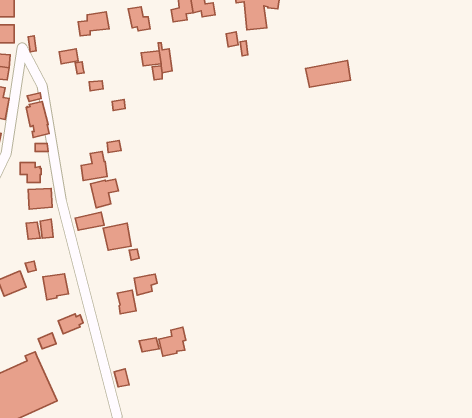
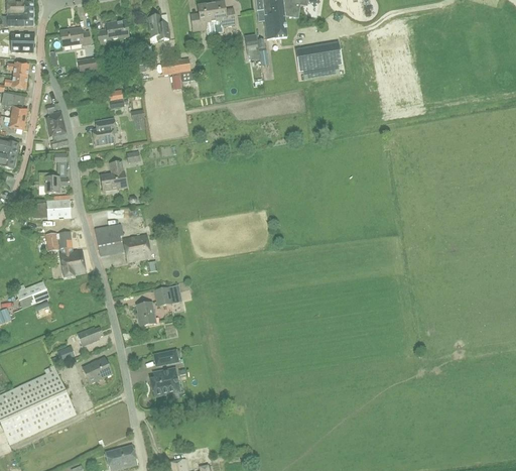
building: none -> [59,27,90,46]
building: [306,60,351,87] -> [295,43,341,71]
building: none -> [91,117,117,146]
building: [91,179,118,208] -> none
building: [43,274,69,300] -> [59,250,86,276]
building: [159,327,186,356] -> [150,367,177,396]
building: none -> [82,357,111,383]

